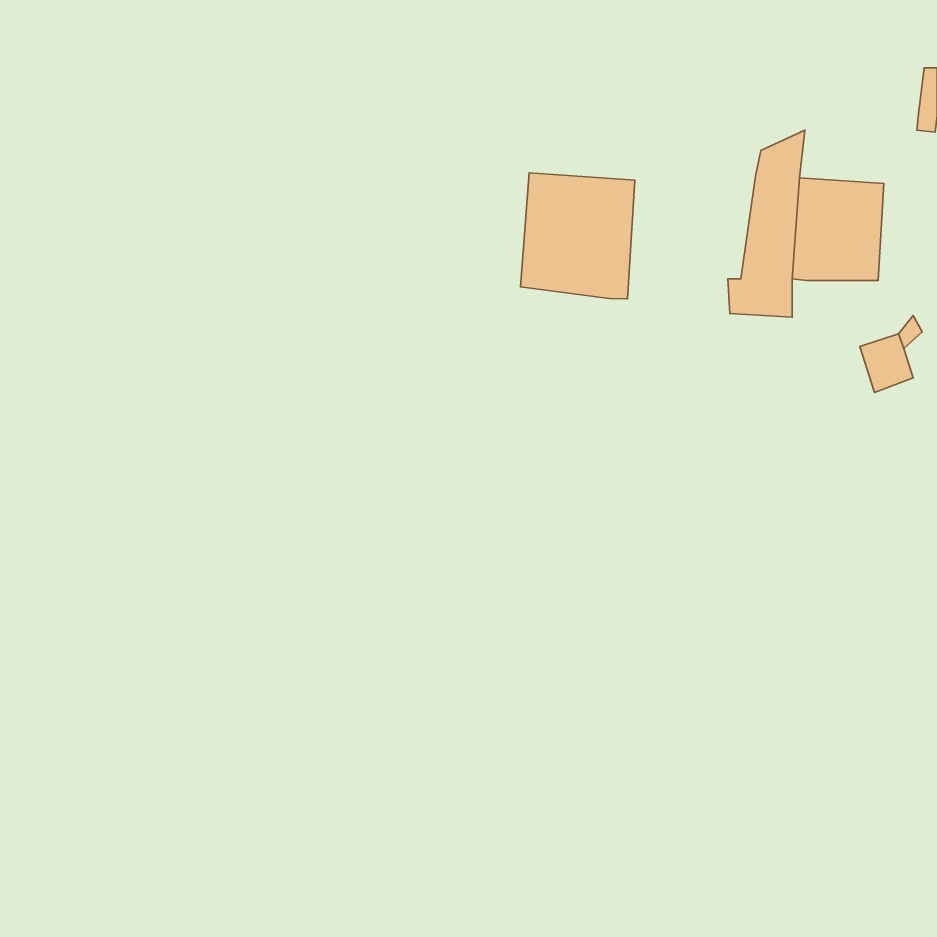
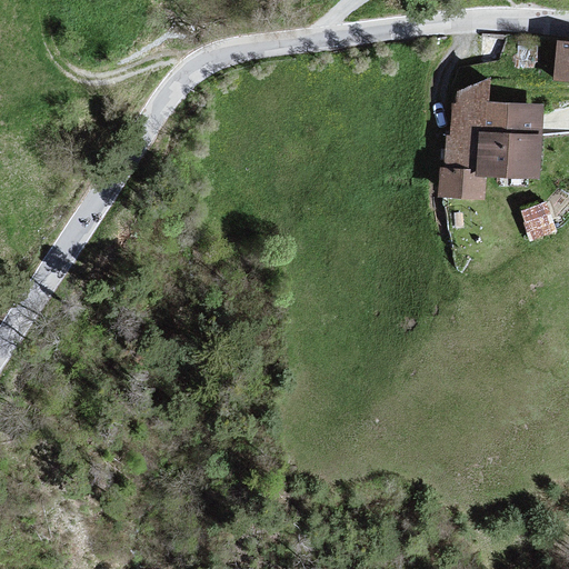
building: [520,173,635,299] -> none

